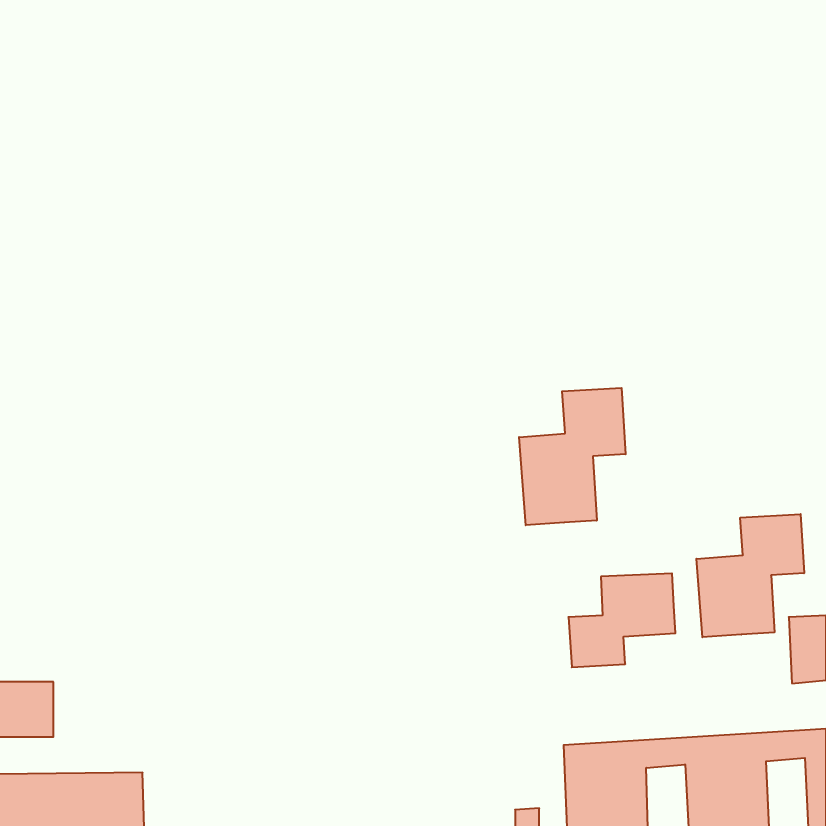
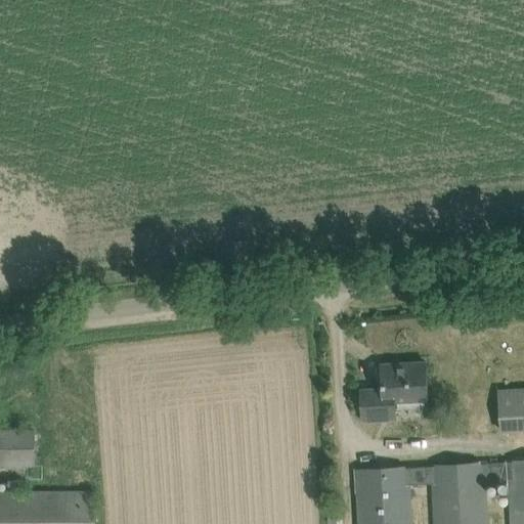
building: [519,388,626,525] -> none
building: [696,514,804,637] -> none

